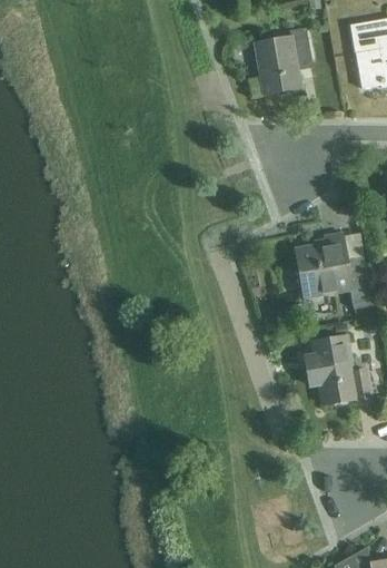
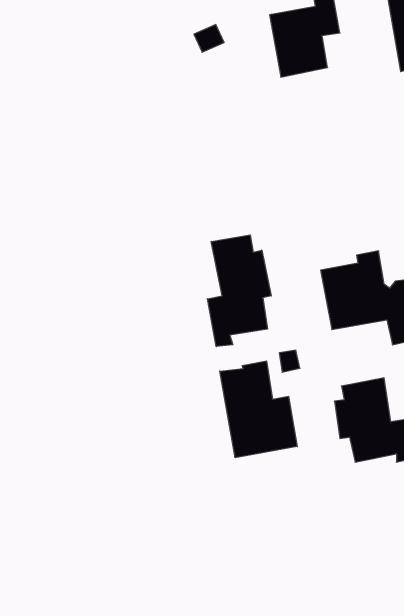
building: none -> [207,235,271,347]
building: none -> [220,361,297,458]

